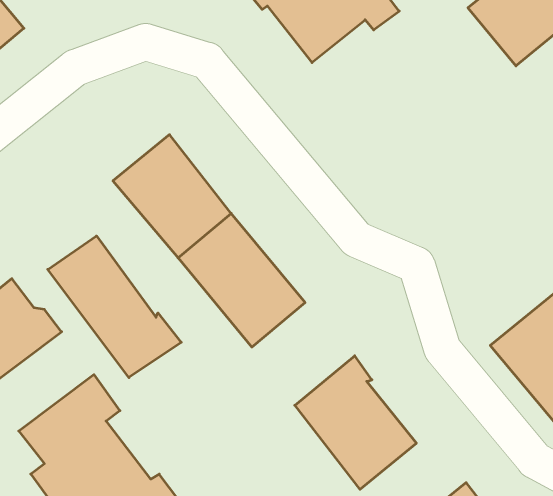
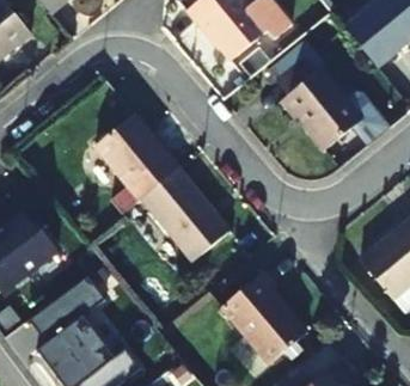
building: none -> [277,59,361,149]
building: [48,236,181,378] -> none

